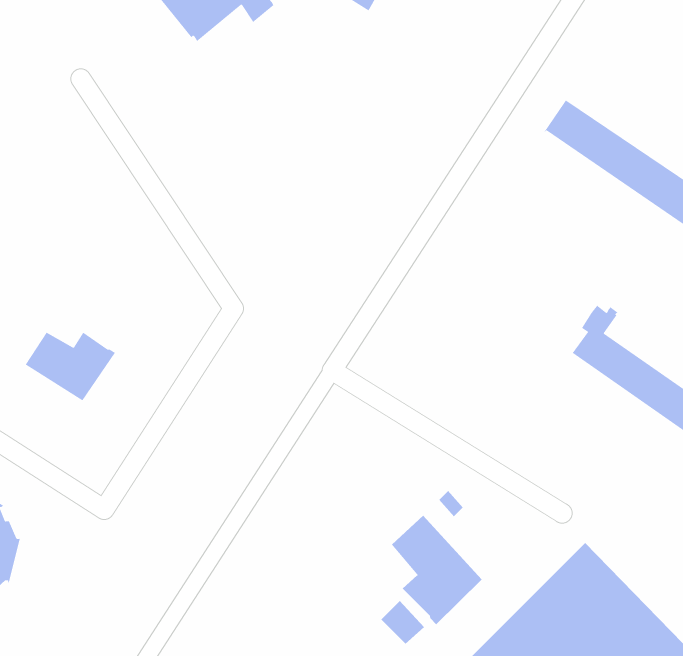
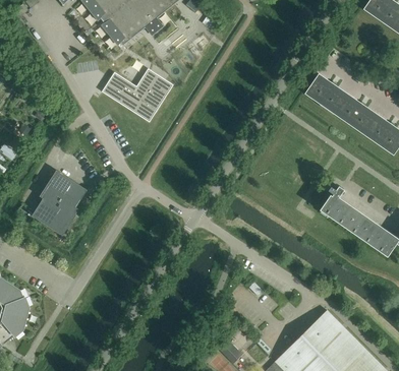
building: none -> [103,69,173,121]
building: none -> [40,170,88,207]
building: [391,515,482,625] -> none

